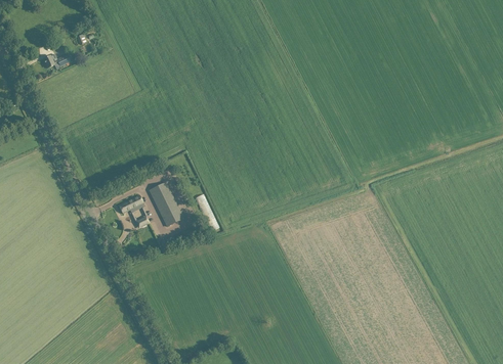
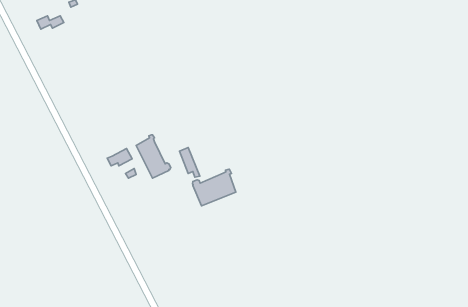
building: none -> [193,169,236,206]

